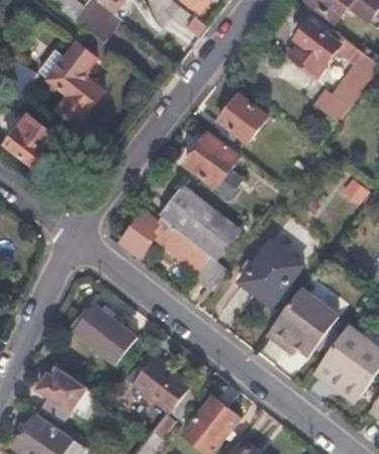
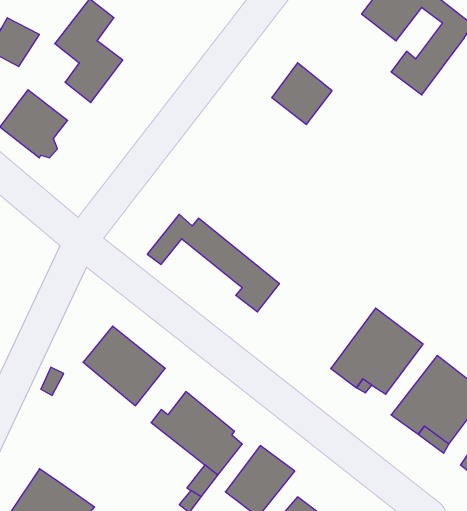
building: [186,134,239,187] -> none
building: [159,186,244,267] -> none
building: [240,240,304,307] -> none
building: [35,365,87,426] -> none

